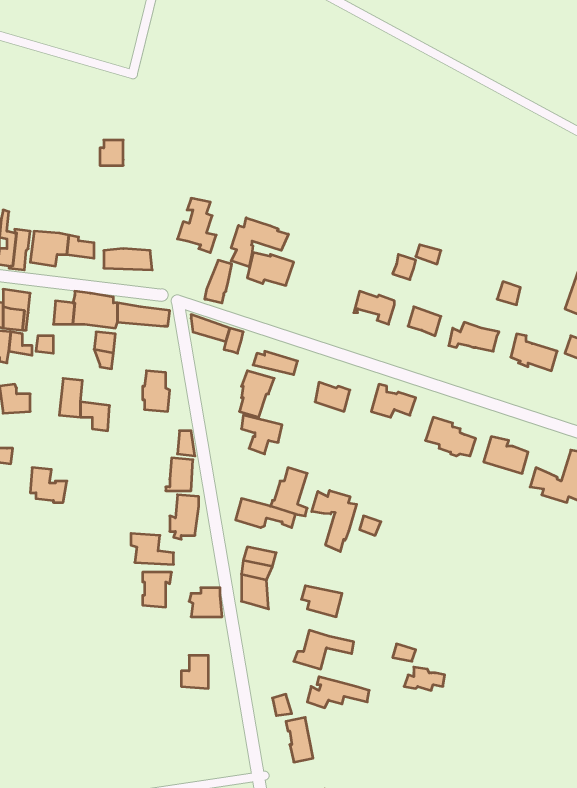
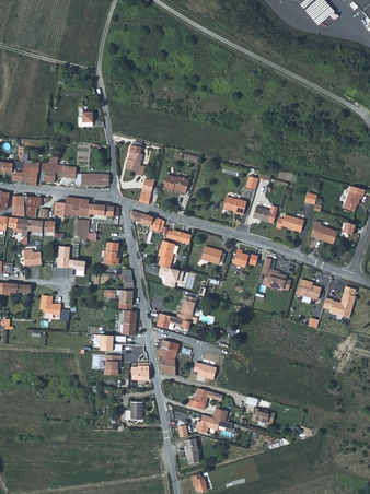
building: [231,218,288,267] -> none
building: [312,490,357,552] -> none

